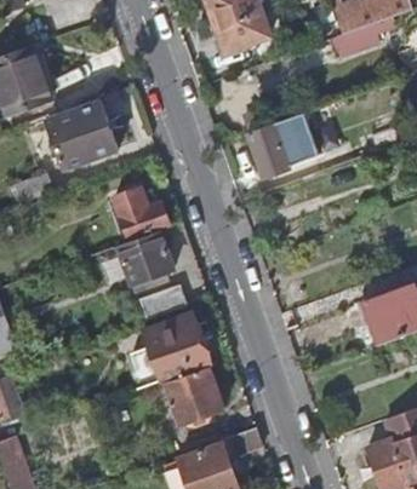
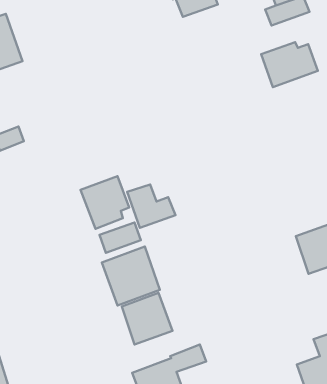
building: none -> [261,42,318,87]
building: [46,99,118,167] -> none
building: [249,123,301,176] -> none
building: [114,186,170,236] -> [127,185,176,228]

